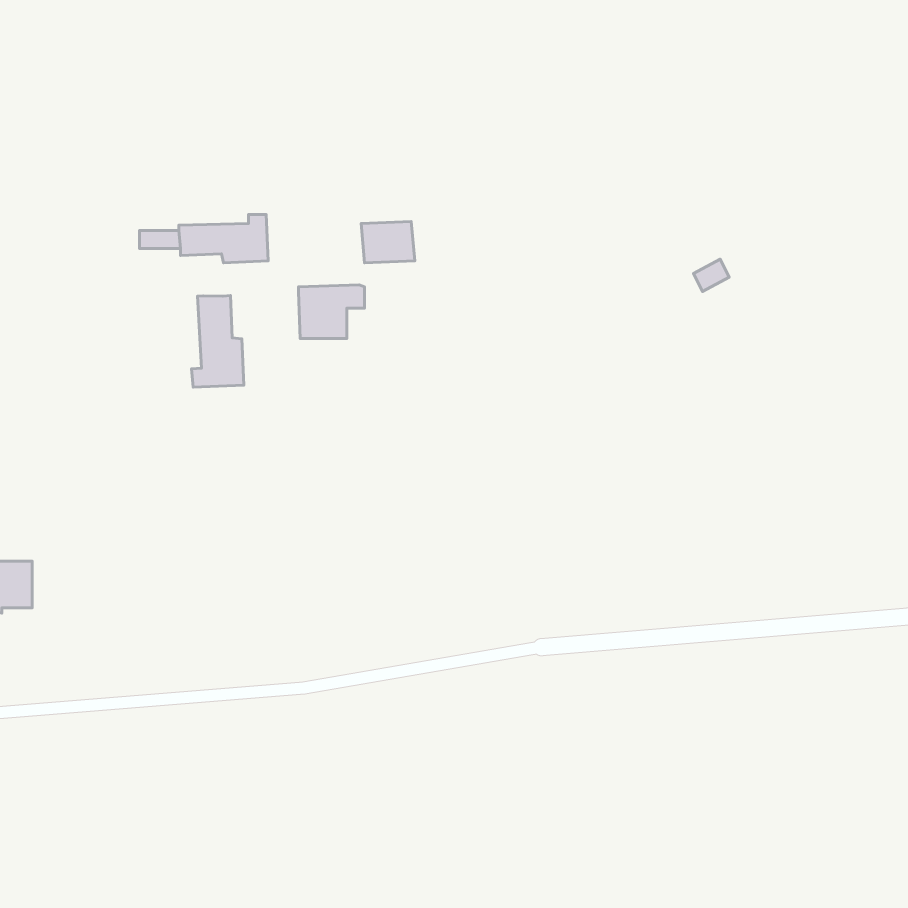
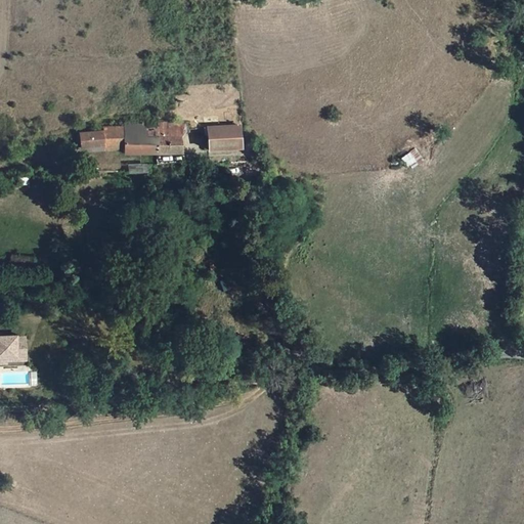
building: [298,285,365,339] -> [152,122,190,152]
building: [192,295,244,387] -> none

